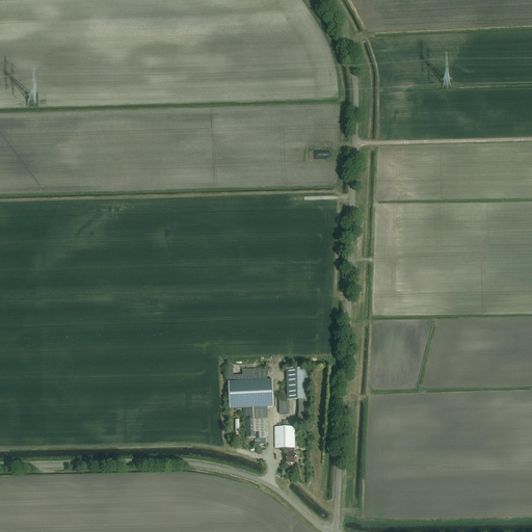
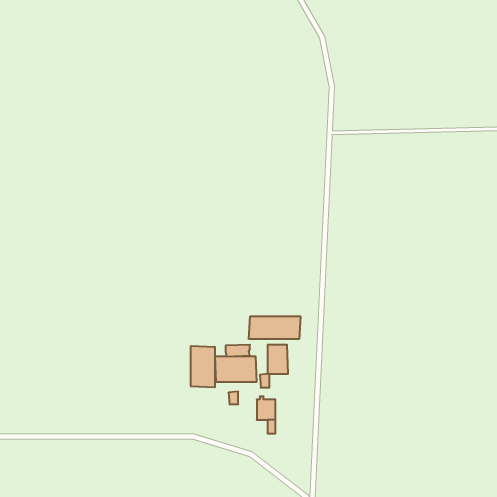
building: none -> [249,316,300,339]
building: none -> [191,346,215,387]

